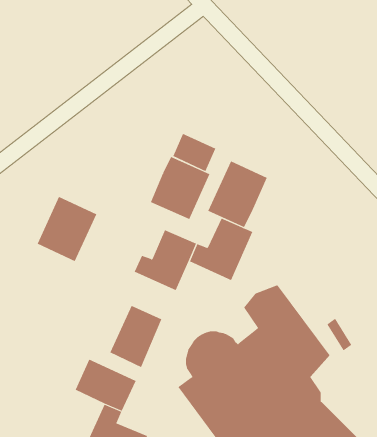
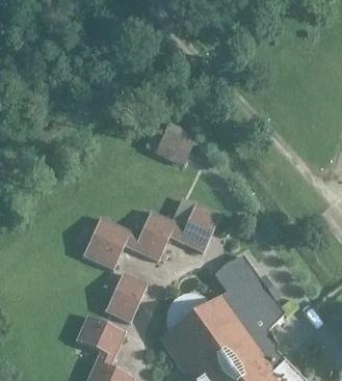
building: [150,156,210,220] -> none
building: [208,160,267,228] -> none
building: [37,196,97,262] -> [81,217,130,270]

